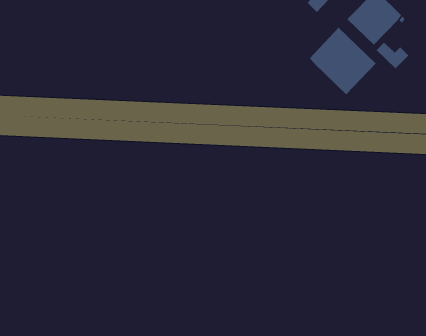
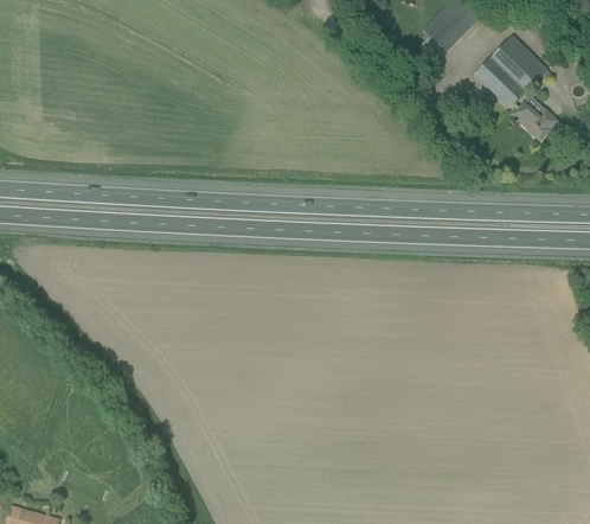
building: [309,27,377,95] -> none

